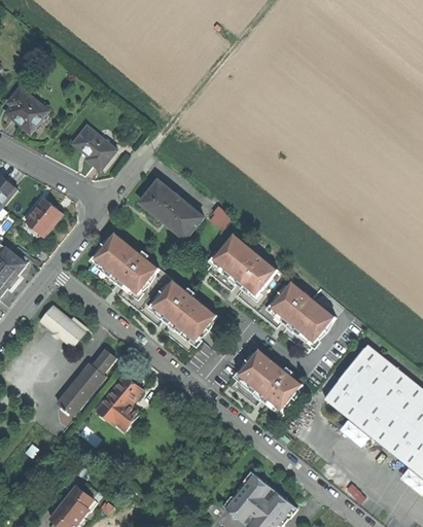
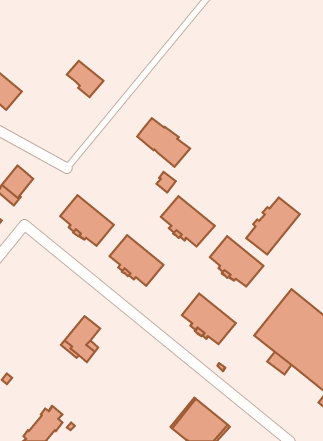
building: [72,127,115,170] -> [67,61,103,97]
building: [140,181,203,239] -> [137,118,190,167]
building: none -> [246,198,300,255]
building: [40,307,85,347] -> none
building: [57,350,114,416] -> none

